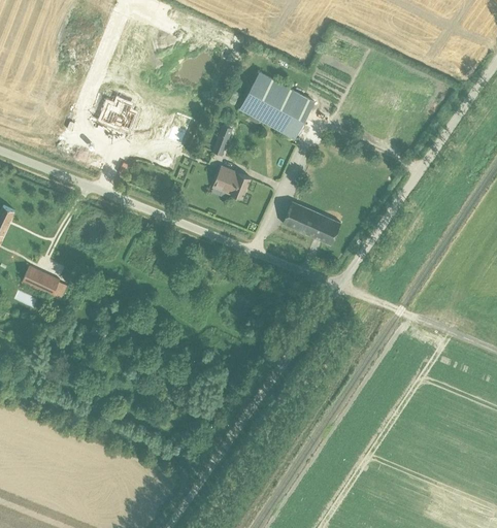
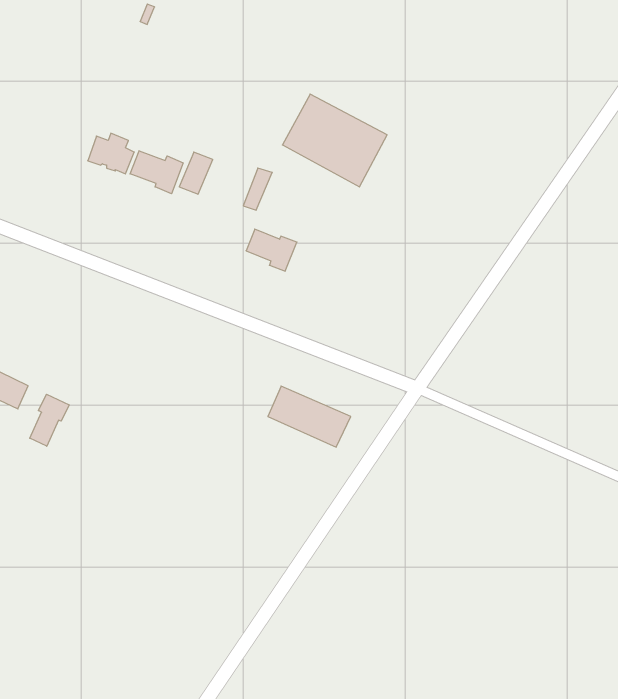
building: none -> [130,151,183,194]
building: [281,201,340,244] -> [268,386,351,447]
building: none -> [30,394,69,446]

